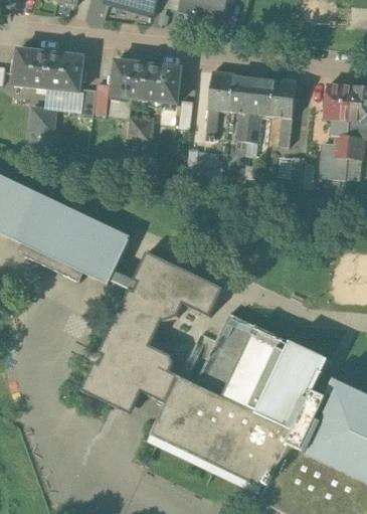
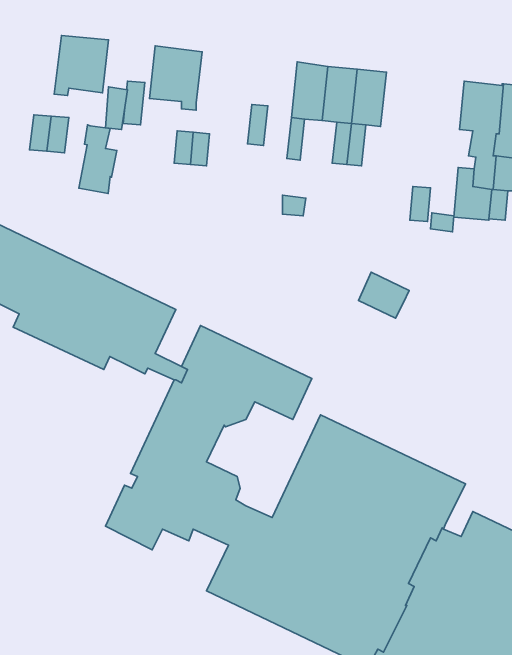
building: [14,48,51,93] -> none
building: [144,63,181,105] -> none
building: [270,77,297,146] -> none
building: none -> [79,125,117,193]
building: none -> [358,272,409,318]

